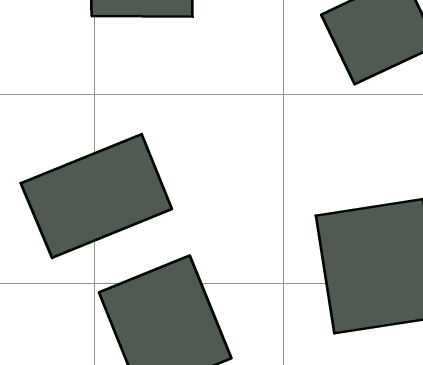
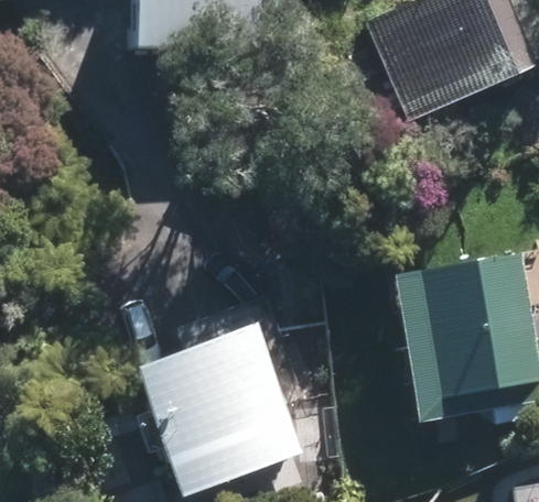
building: [21,134,172,258] -> none

